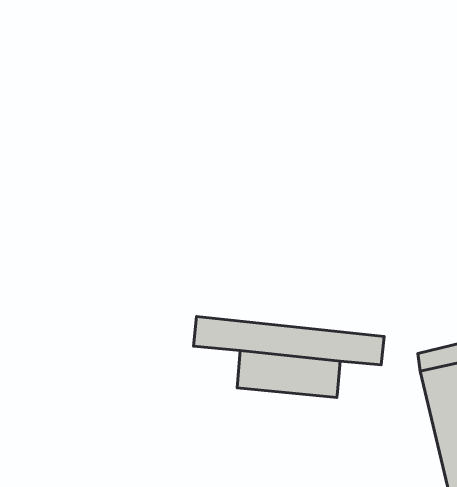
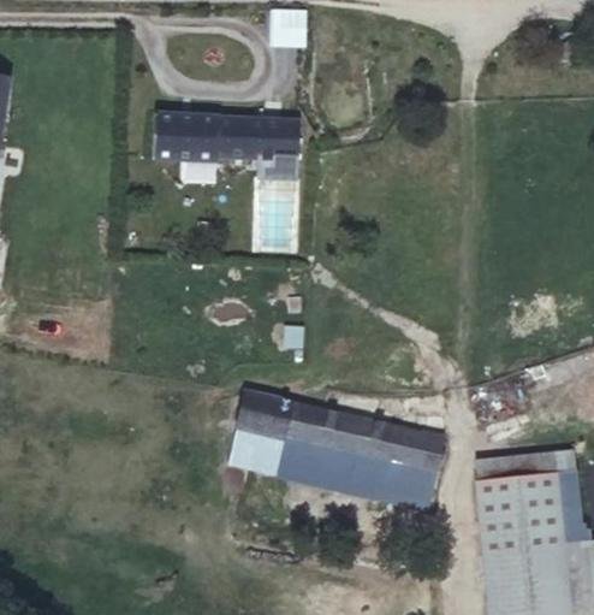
building: none -> [152,114,298,165]
building: none -> [227,422,285,473]
building: none -> [384,459,434,501]

